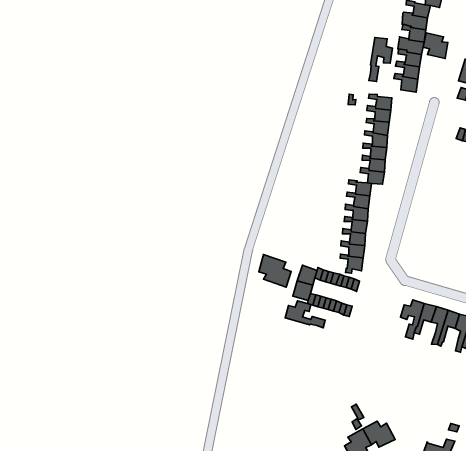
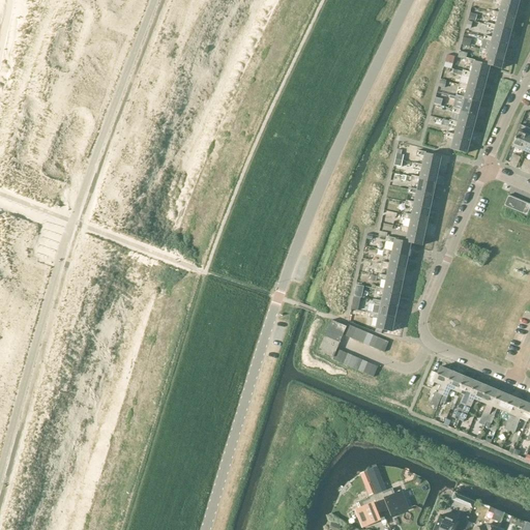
building: [423,33,448,58] -> none
building: [369,37,393,82] -> none
building: [259,254,291,287] -> none
building: [285,301,325,328] -> none

